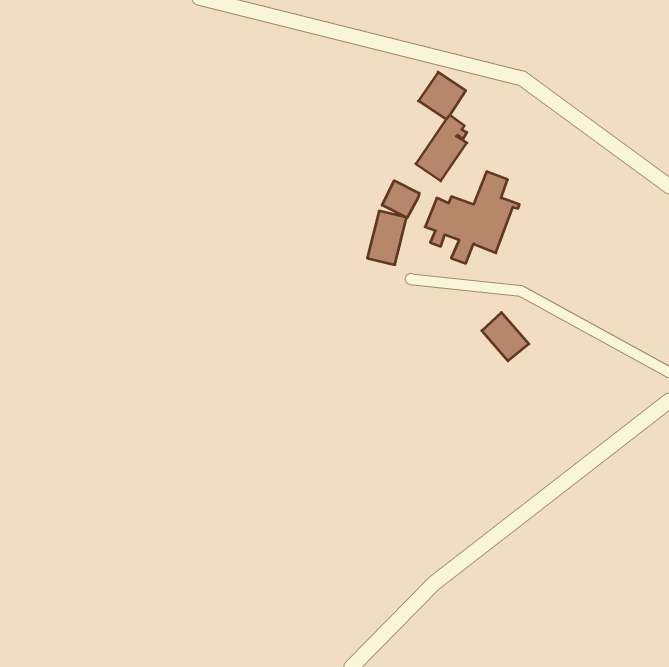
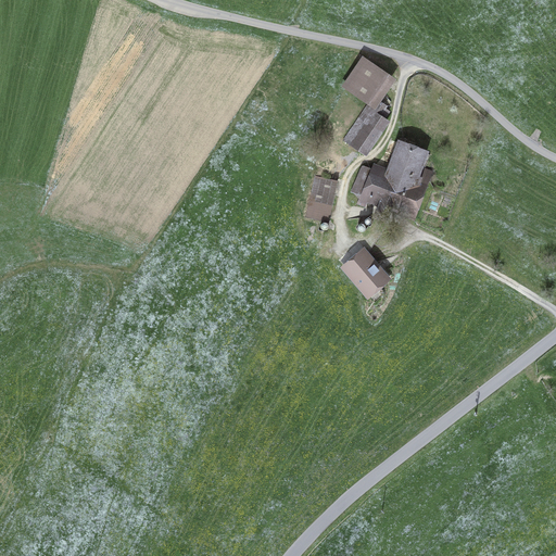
building: [382,181,419,218] -> none
building: [482,312,529,361] -> [345,251,384,291]

